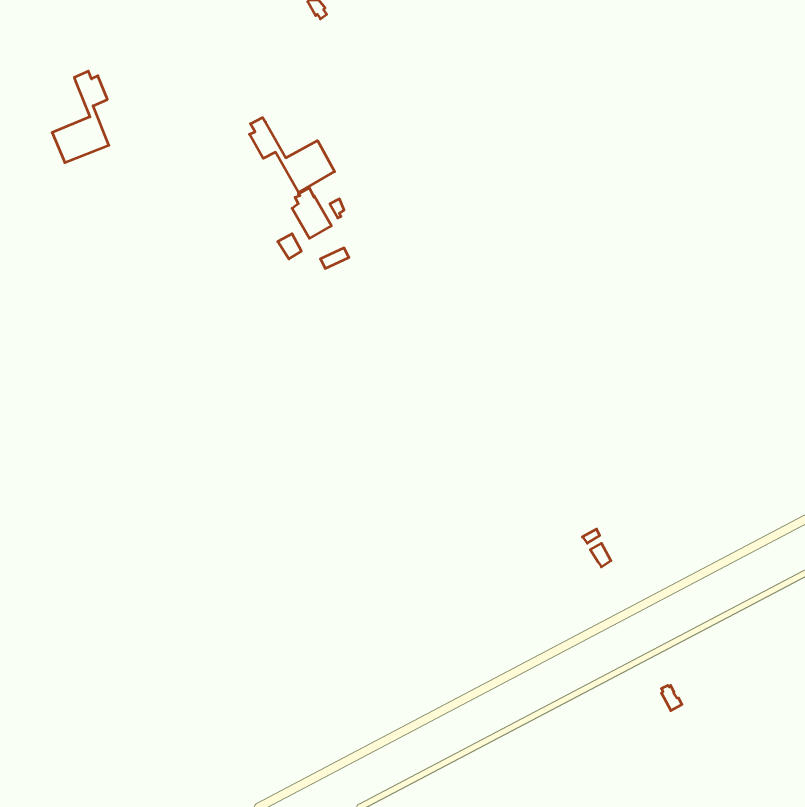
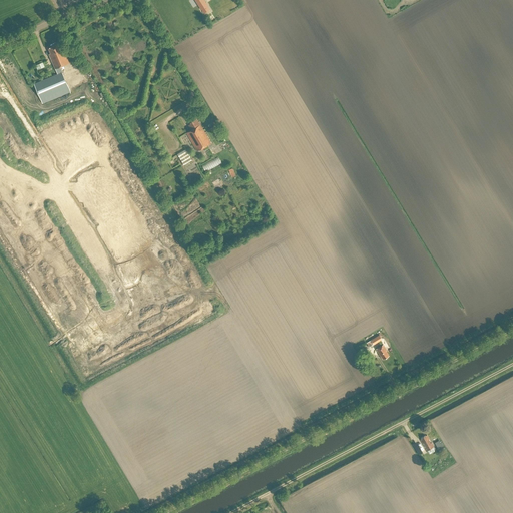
building: [249,118,335,193] -> none

